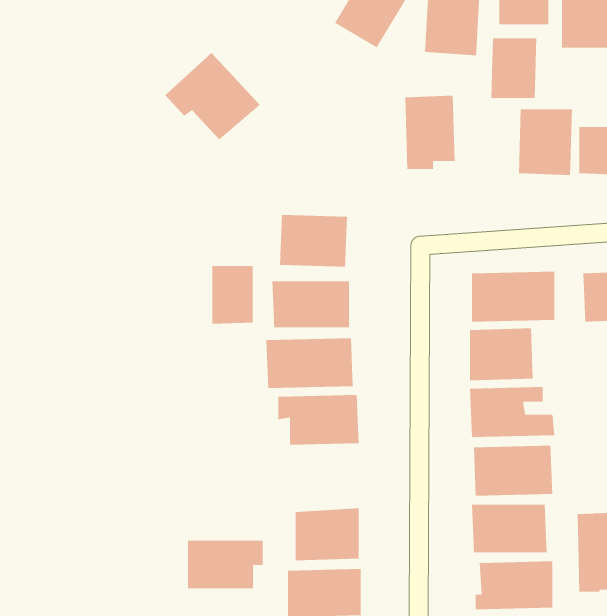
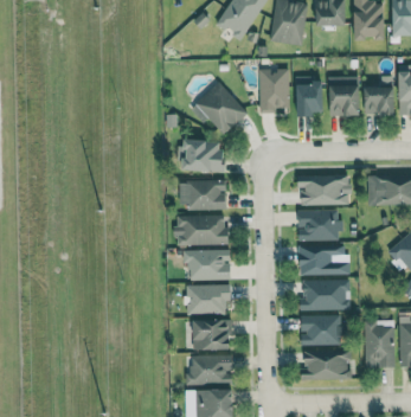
building: [490,38,537,99] -> [295,77,323,114]
building: [165,52,260,140] -> [190,82,248,135]
building: [212,265,253,325] -> none
building: [187,540,264,589] -> [185,284,231,314]

